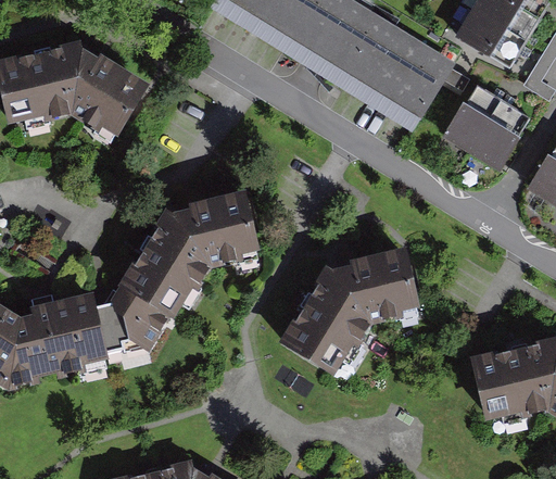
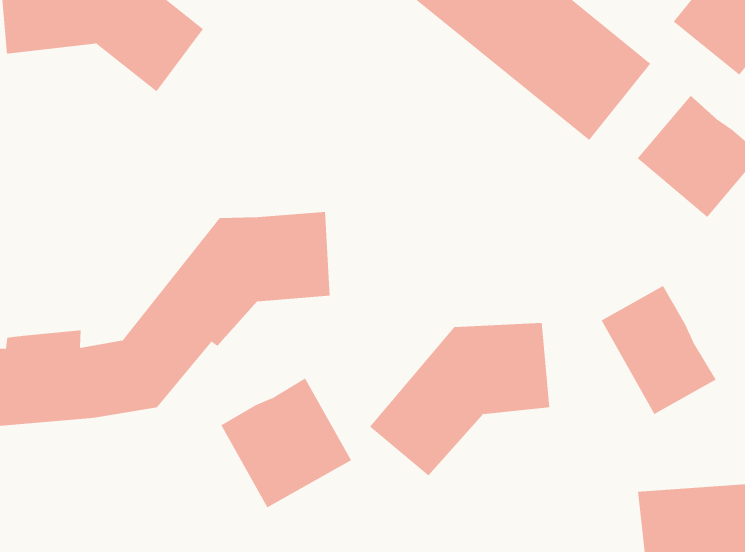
building: none -> [601,285,716,415]
building: none -> [220,377,352,508]

